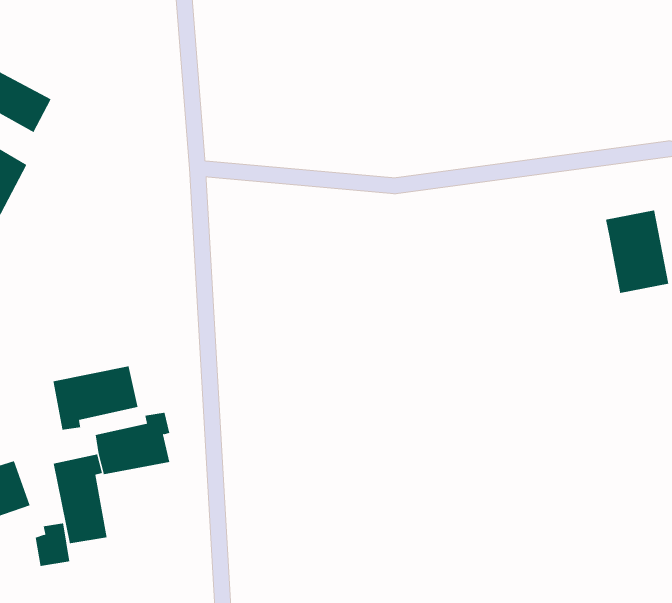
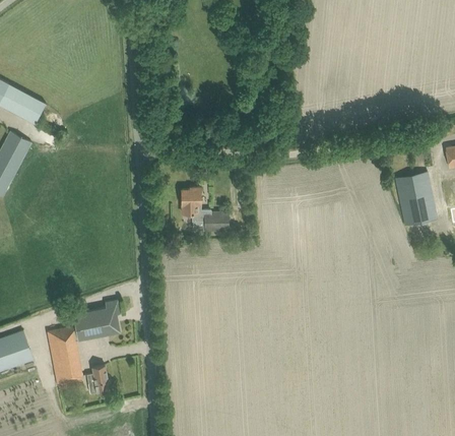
building: none -> [182,187,229,230]
building: [53,366,138,430] -> none
building: [35,523,70,566] -> [87,365,110,392]

